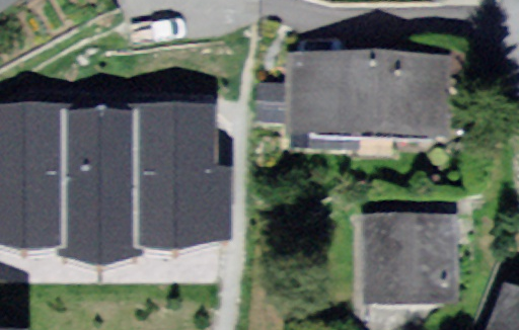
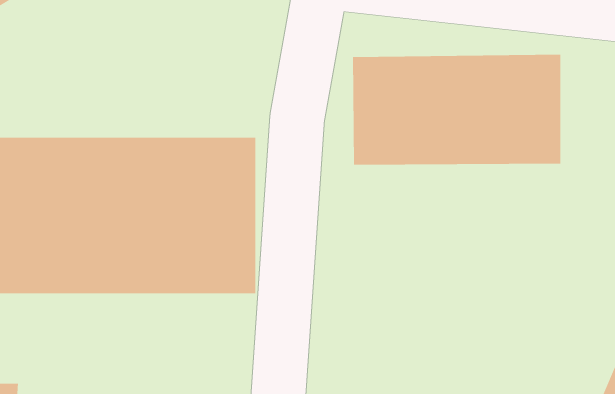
building: [368,215,457,307] -> none

